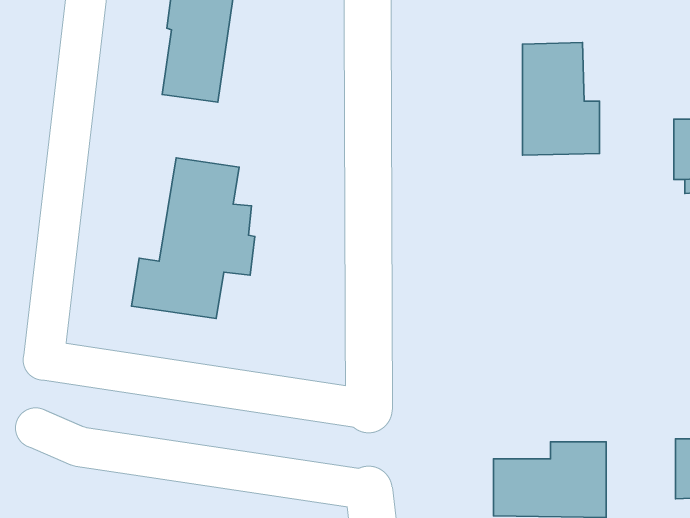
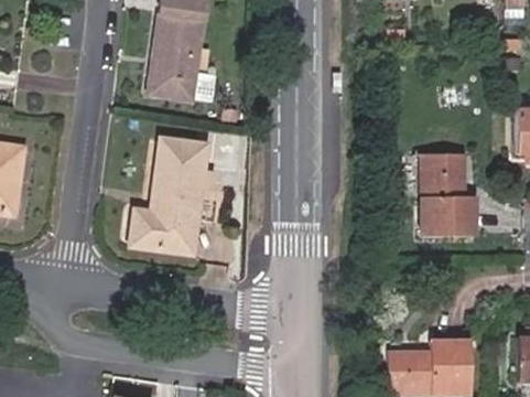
building: [522,43,600,155] -> [420,154,475,235]

